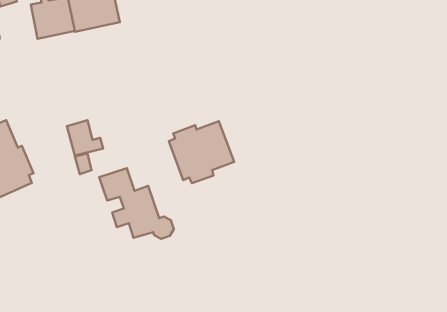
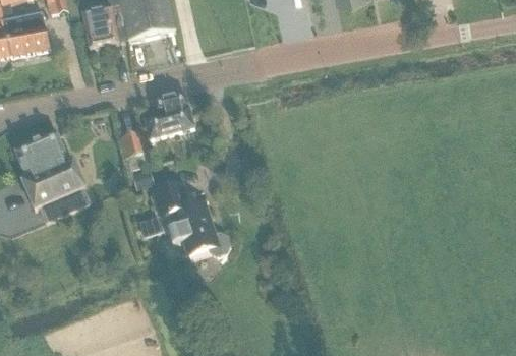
building: none -> [144,92,193,138]
building: [169,121,234,183] -> none

